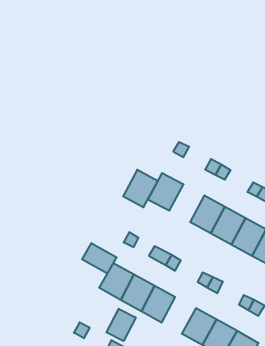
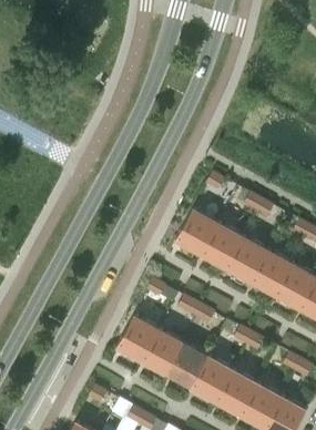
building: [123,170,158,207] -> [201,224,242,268]
building: [82,243,117,274] -> none
building: none -> [192,357,232,400]
building: [106,309,136,341] -> none

